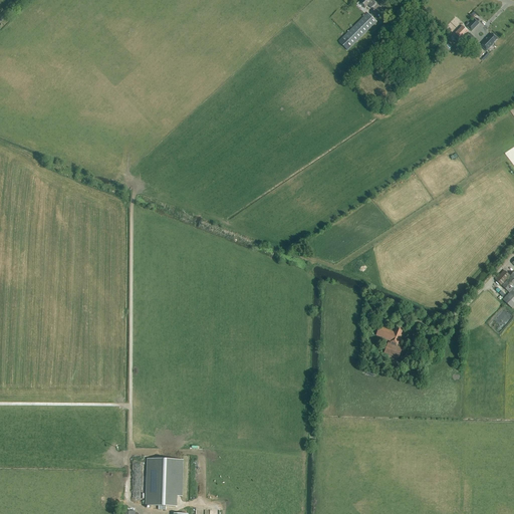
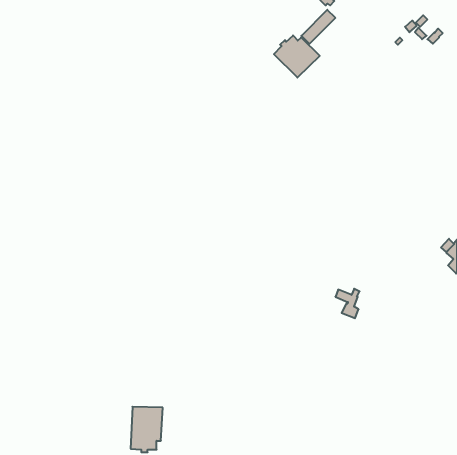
building: none -> [274,35,320,78]

